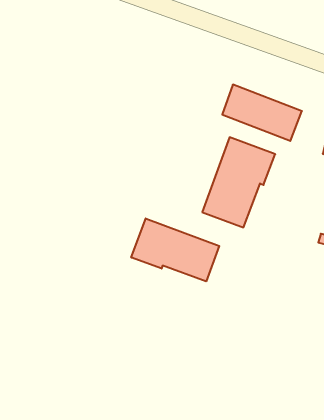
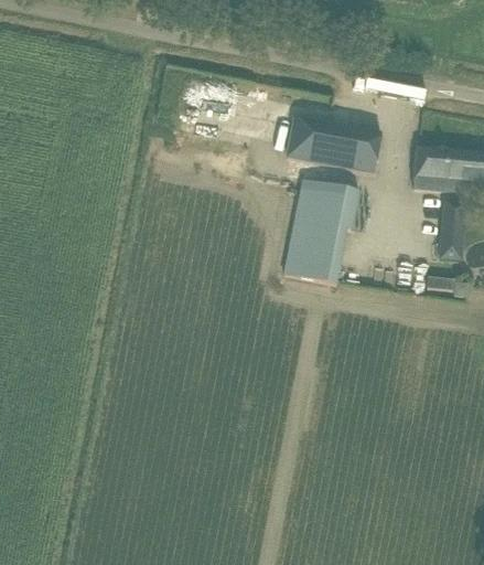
building: [131,218,219,281] -> none

